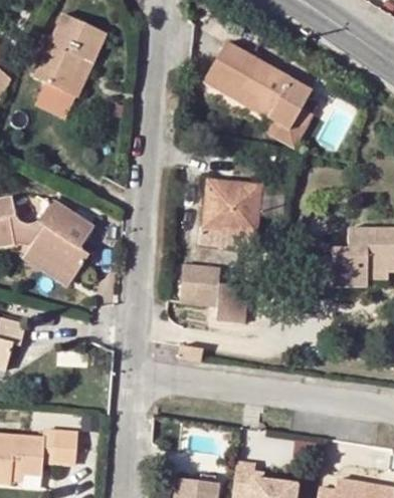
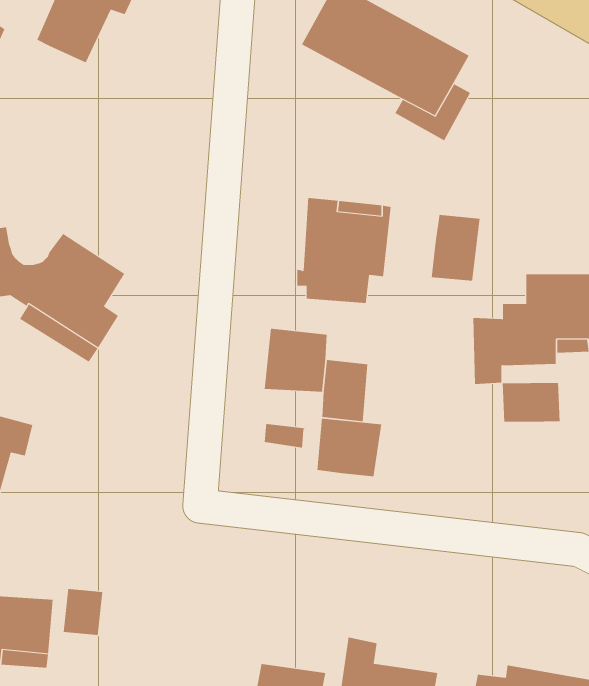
building: [32,59,90,116] -> none
building: none -> [431,214,480,282]
building: none -> [502,382,560,423]
building: none -> [317,418,382,477]

